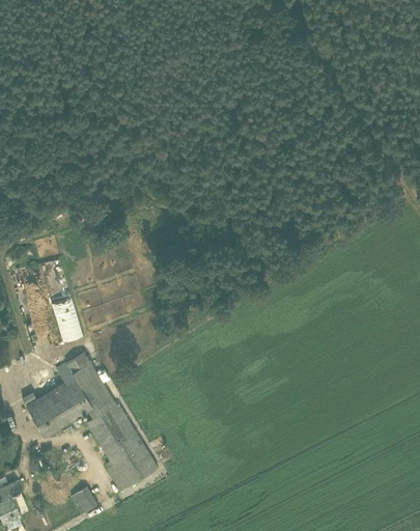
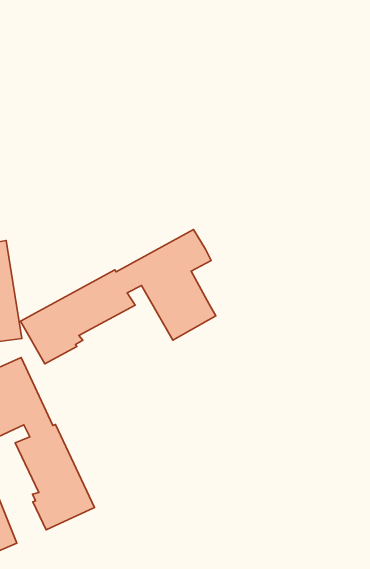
building: none -> [20,229,216,364]

